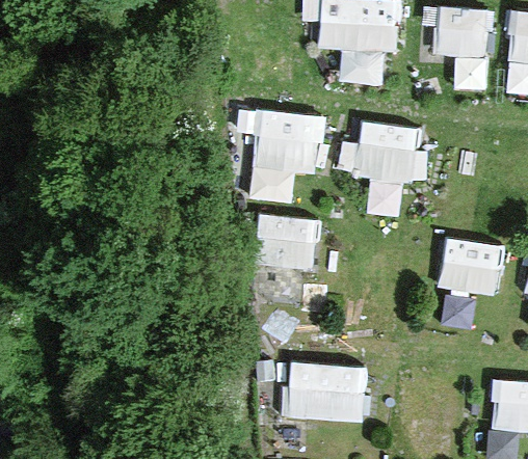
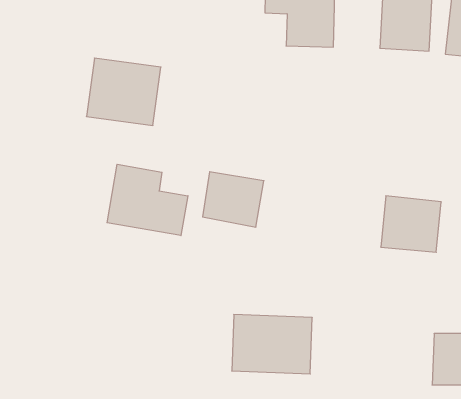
building: [250,107,327,177] -> [86,58,161,125]
building: [346,120,424,183] -> none
building: none -> [107,164,188,236]

